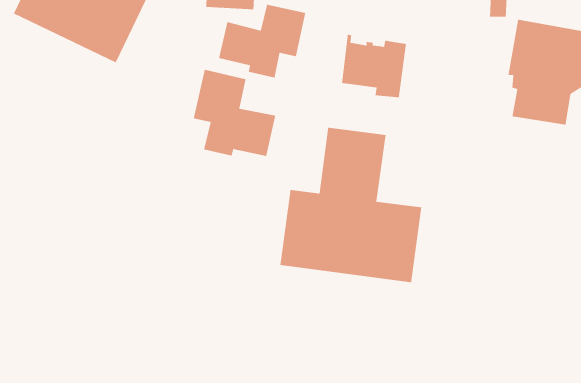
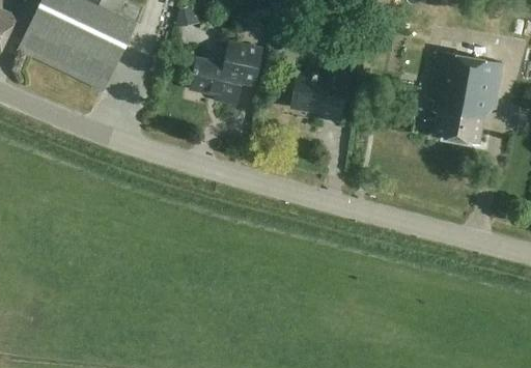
building: [193,69,276,157] -> none
building: [279,127,422,283] -> none

